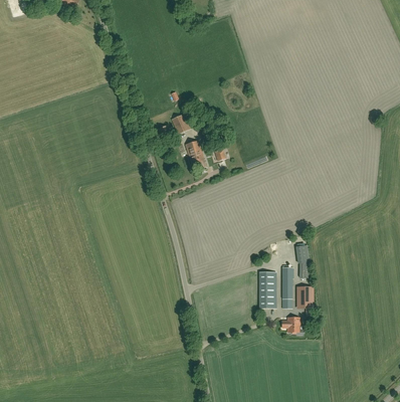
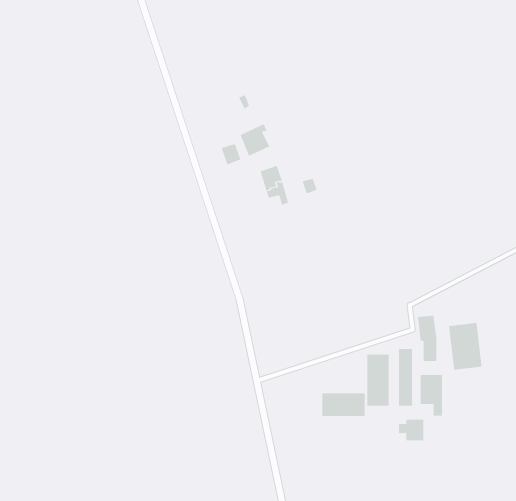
building: none -> [449,322,482,370]
building: none -> [322,393,365,417]

